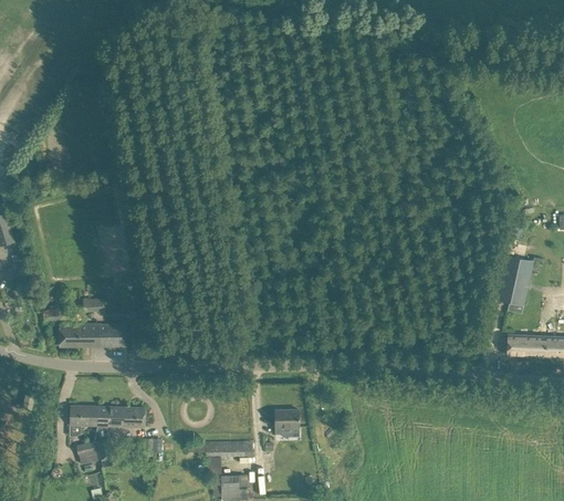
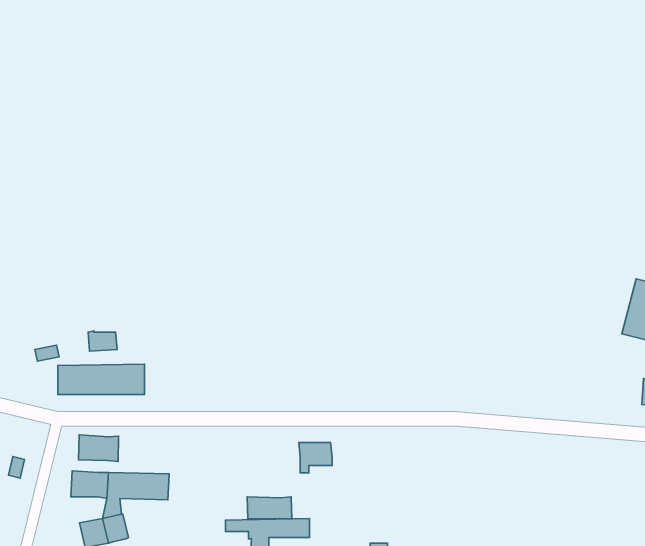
building: none -> [79,435,119,461]
building: [275,409,301,432] -> [299,442,332,473]
building: none -> [247,497,292,519]

